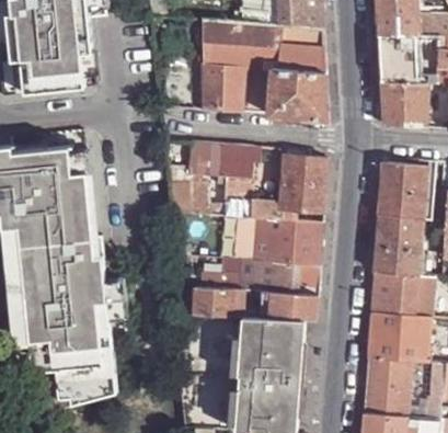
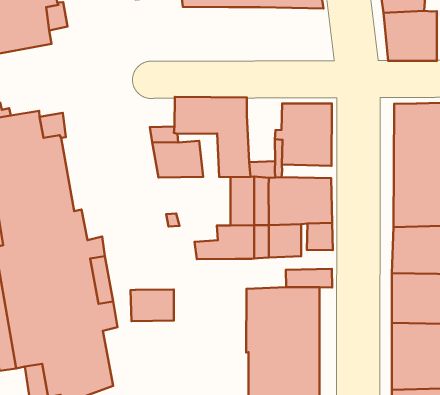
building: [204,62,244,113] -> none
building: [269,68,329,118] -> none
building: [194,286,233,316] -> [130,289,174,321]

